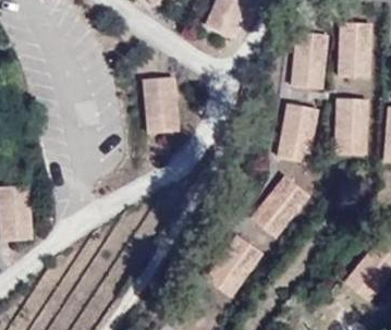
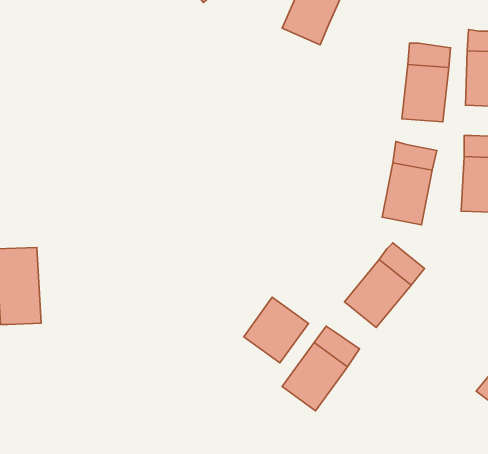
building: [145,72,179,129] -> none
building: none -> [244,297,308,363]

